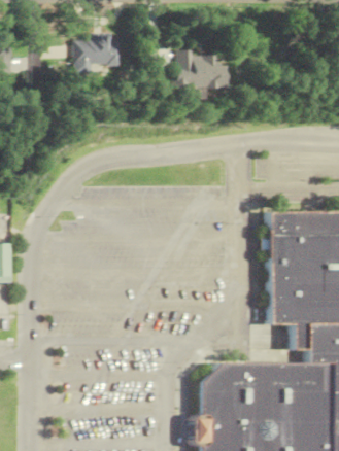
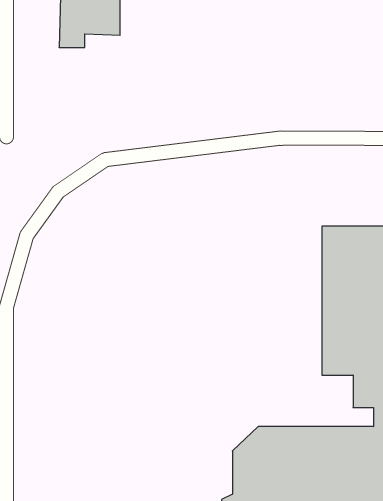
building: [174,51,227,95] -> none

